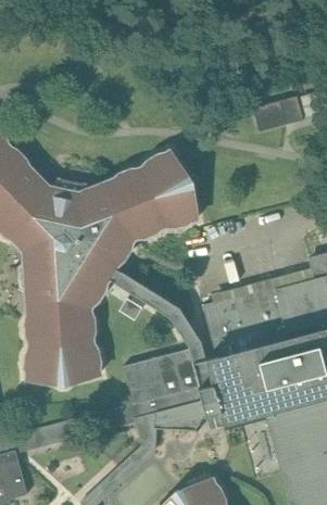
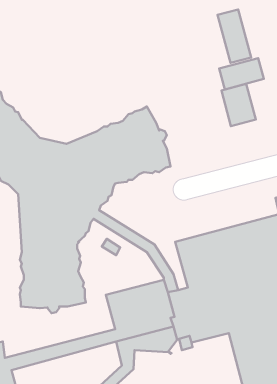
building: none -> [218,10,251,63]
building: none -> [221,84,256,126]

